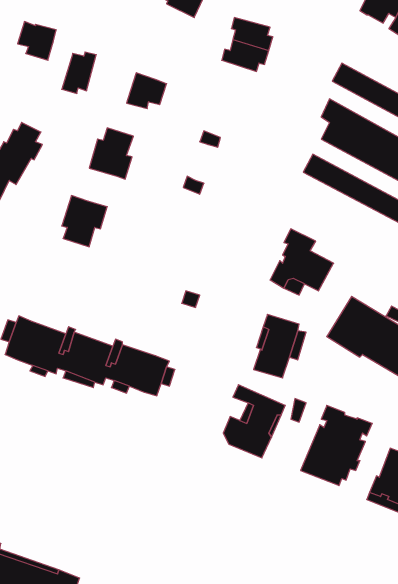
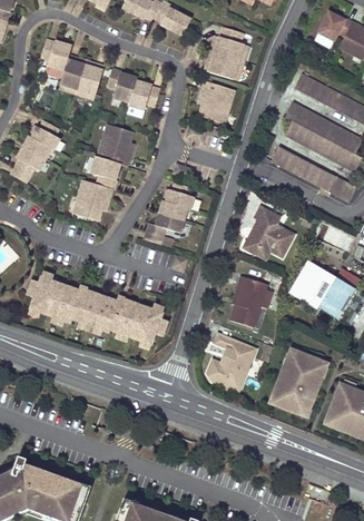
building: none -> [59,53,83,92]
building: none -> [106,68,136,100]
building: none -> [197,79,233,120]
building: none -> [89,155,119,188]
building: none -> [142,180,193,243]

